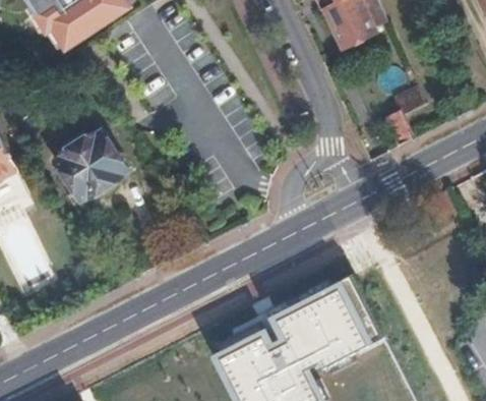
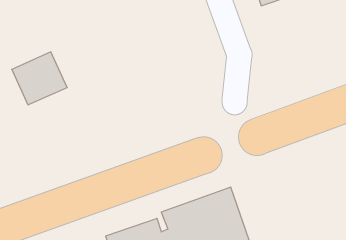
building: [387,84,428,145] -> none

